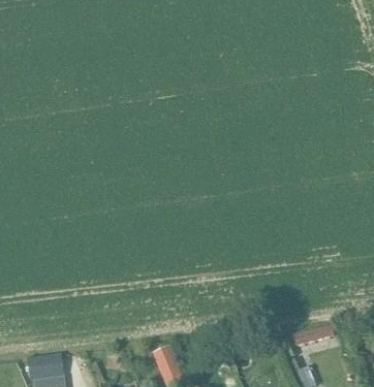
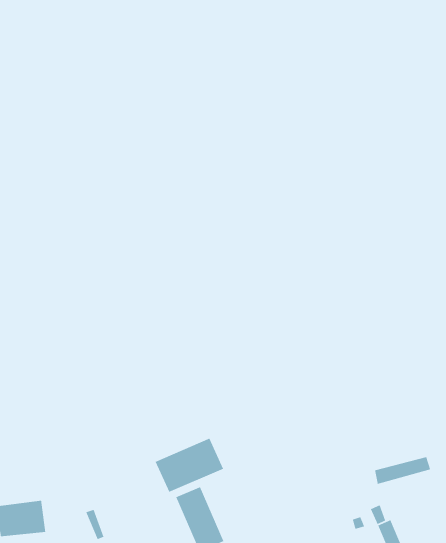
building: none -> [155,438,224,493]

